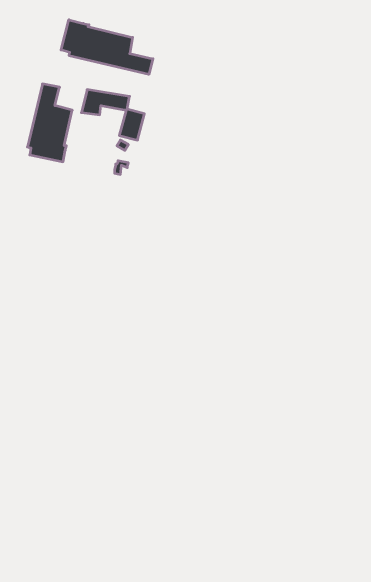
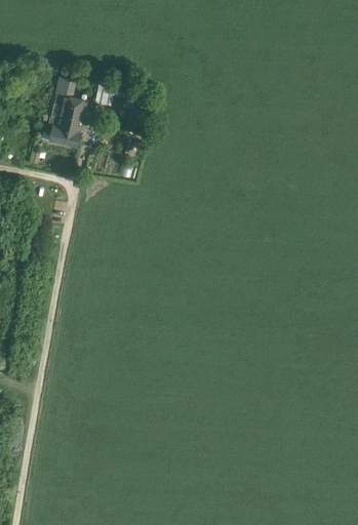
building: [61,20,153,74] -> none

